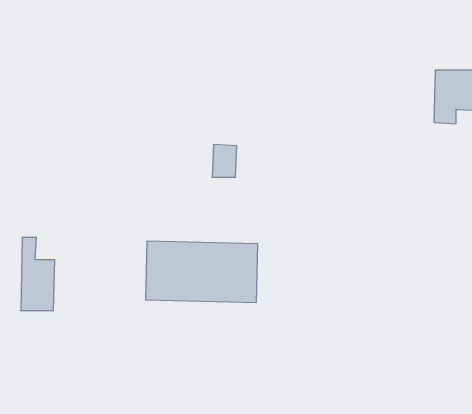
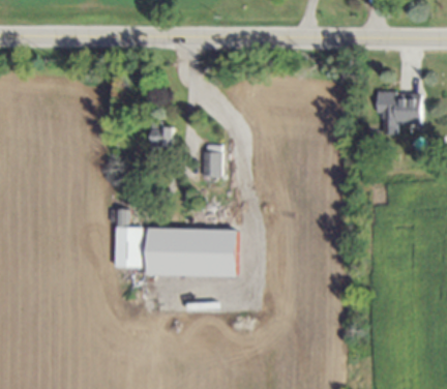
building: none -> [150,122,172,151]
building: [21,238,55,311] -> [115,209,142,267]

